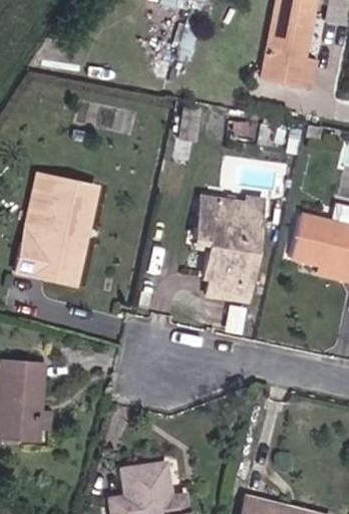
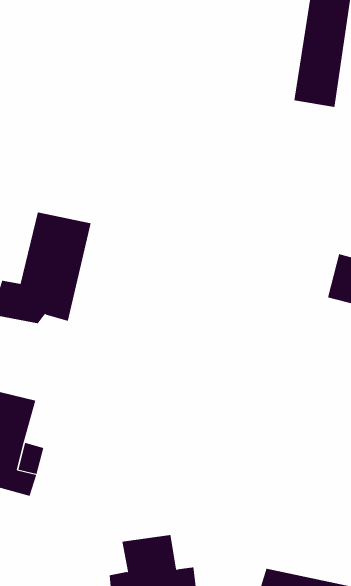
building: [192,189,259,303] -> none

